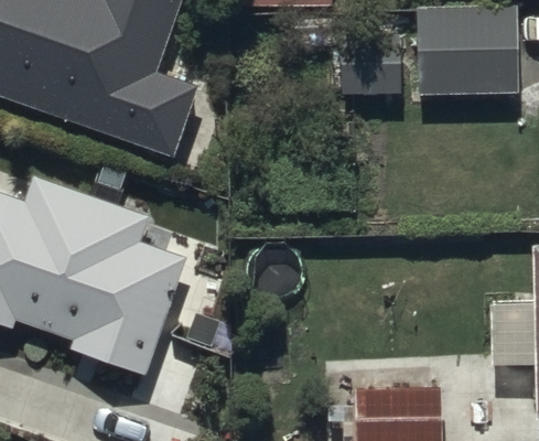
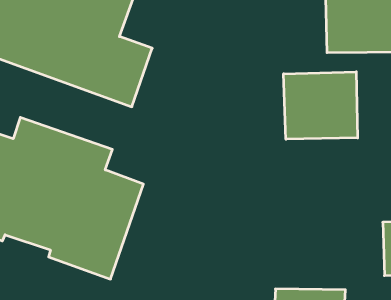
building: none -> [284,72,358,139]

